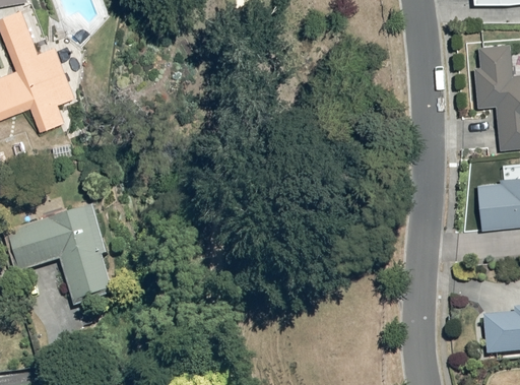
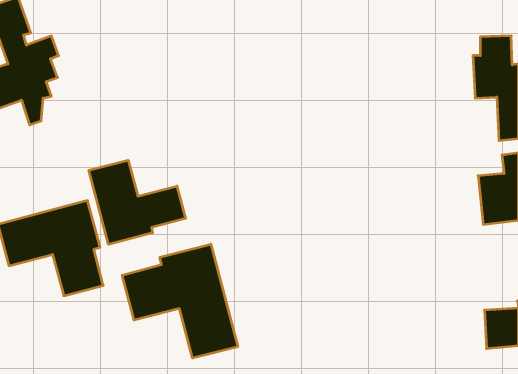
building: none -> [89,160,186,244]
building: none -> [122,244,238,358]

